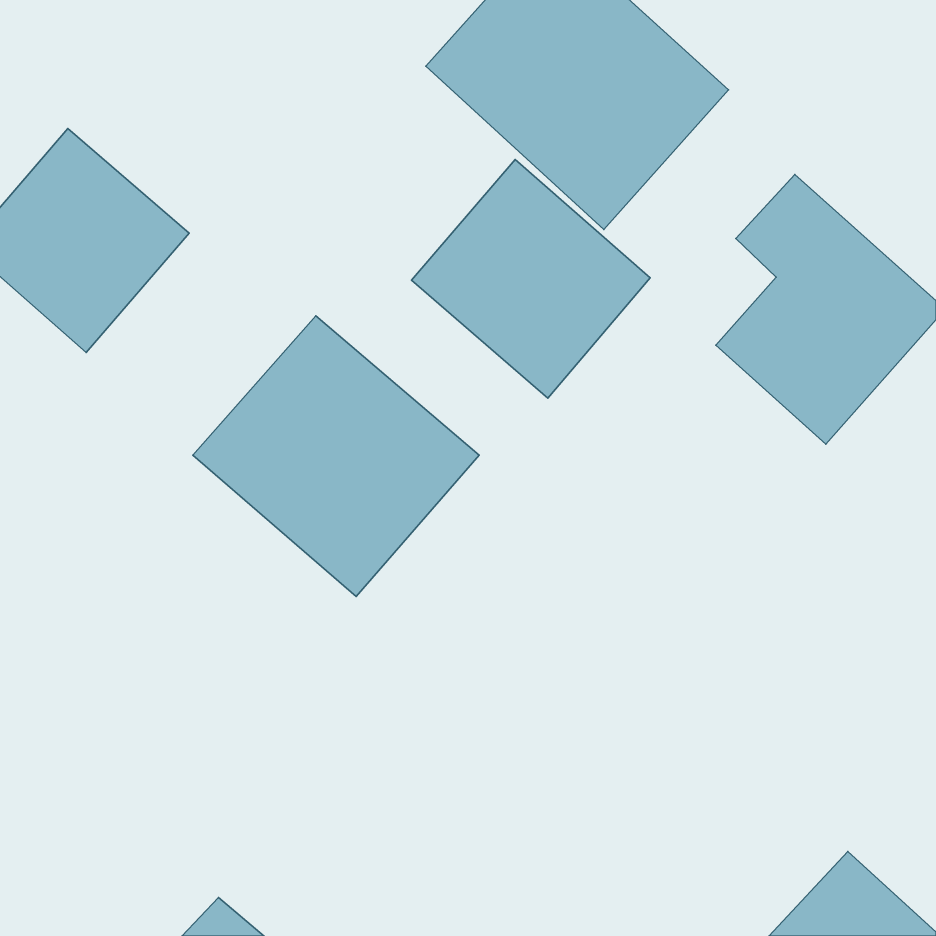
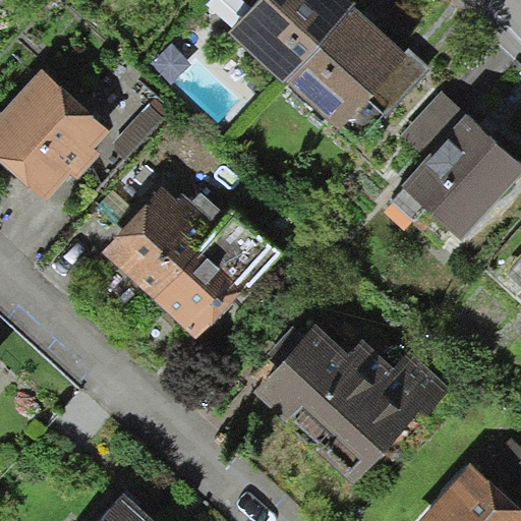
building: [412,160,650,398] -> none
building: none -> [249,324,445,490]

